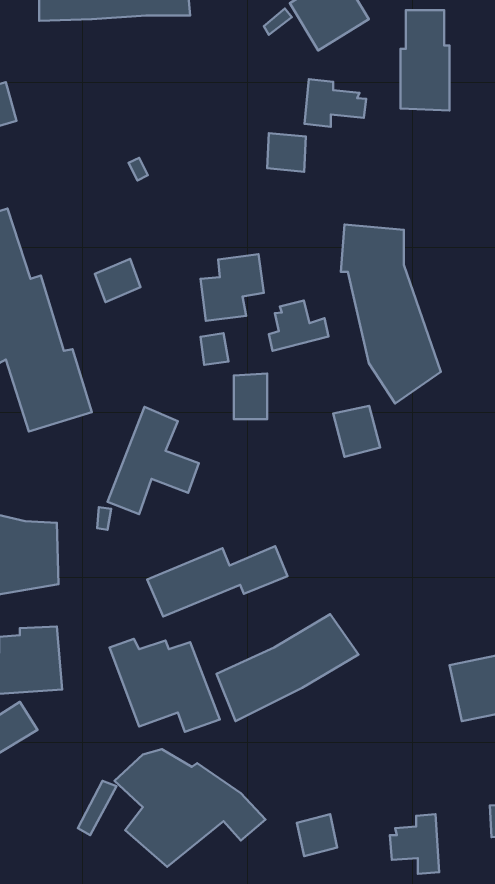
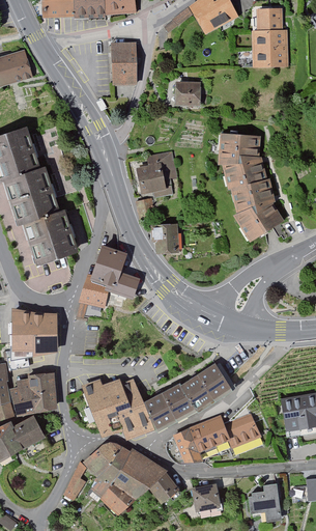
building: none -> [112,43,134,82]
building: [305,79,366,127] -> none
building: [95,259,141,302] -> none
building: [269,301,329,351] -> none
building: [333,406,380,457] -> none
building: [147,546,288,617] -> [177,420,260,462]

